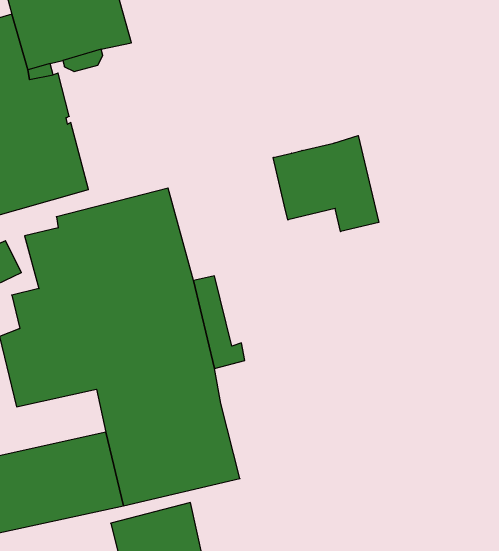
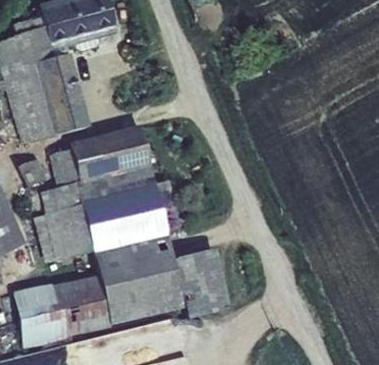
building: [273,136,379,232] -> none
building: none -> [172,249,229,318]

